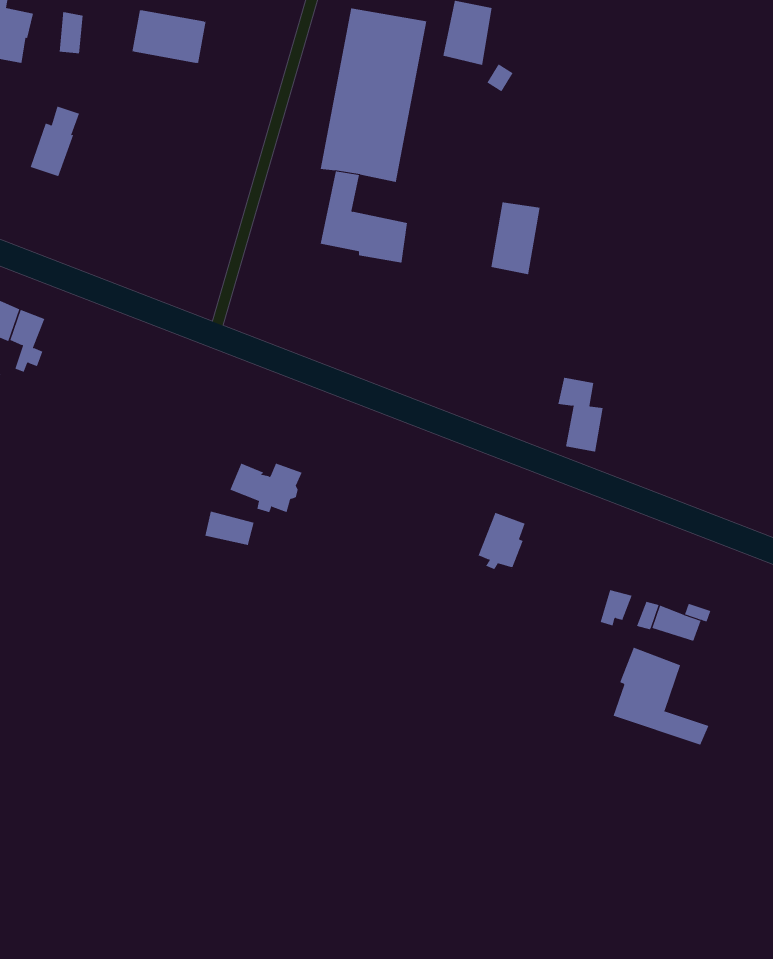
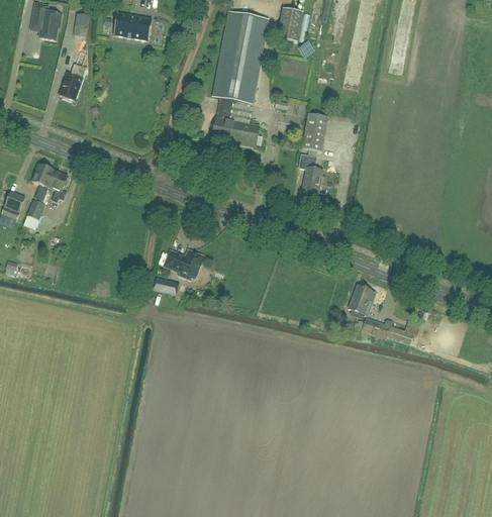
building: [558,377,604,452] -> [298,153,322,193]
building: [477,512,525,570] -> [349,285,374,315]
building: [613,647,709,745] -> none

